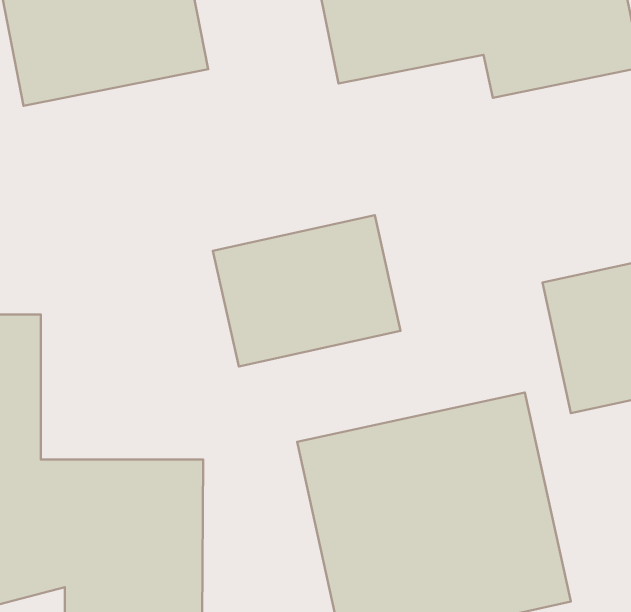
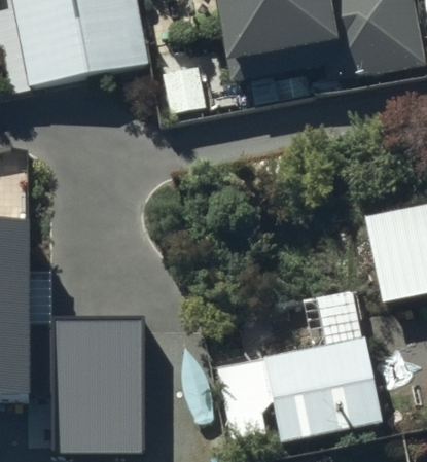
building: [213,215,401,367] -> none

